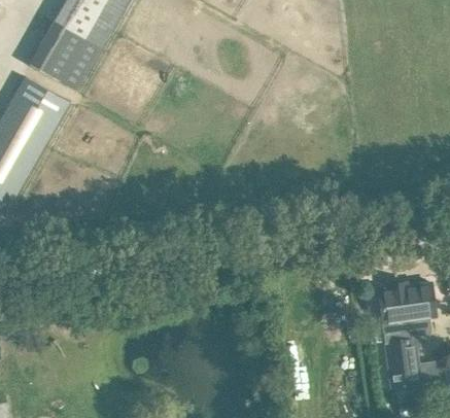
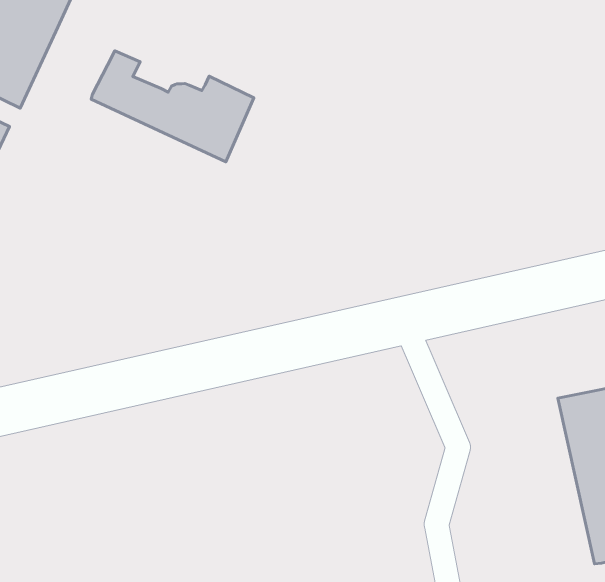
building: none -> [91,51,254,162]

